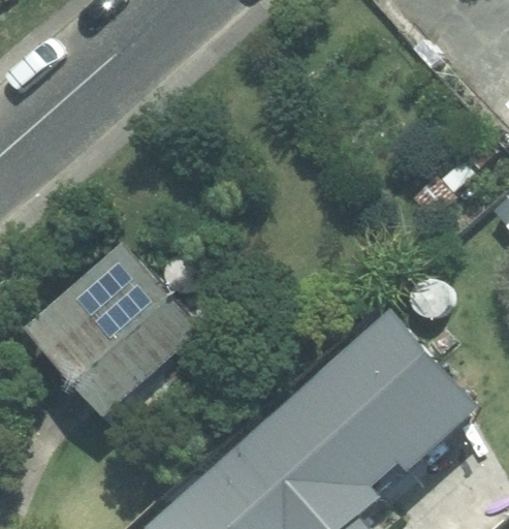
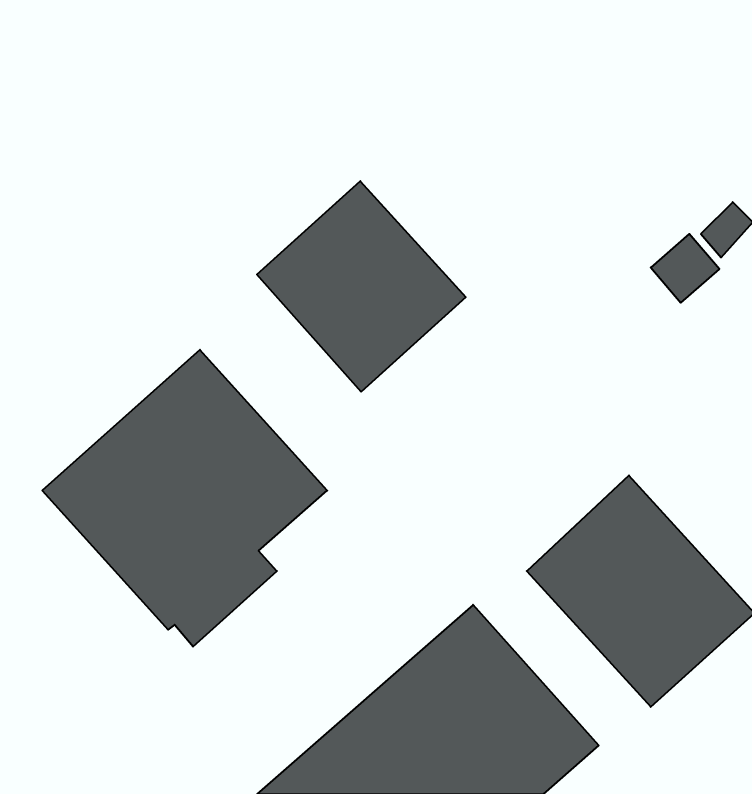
building: none -> [257,181,466,392]

